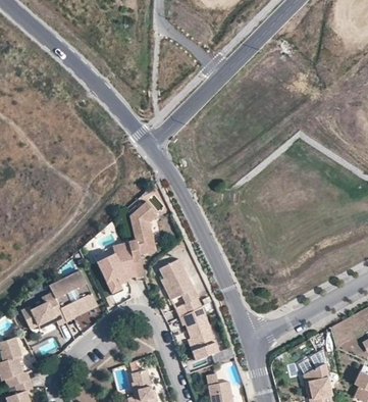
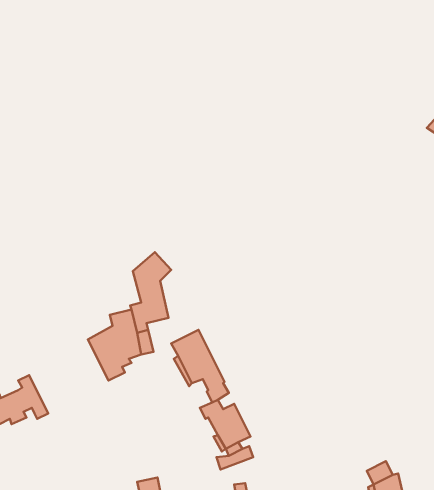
building: [50,270,99,320] -> none

